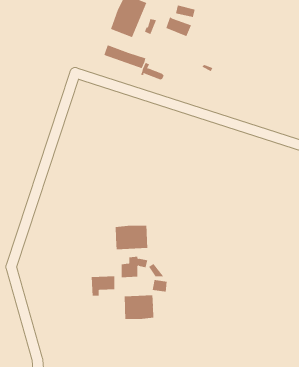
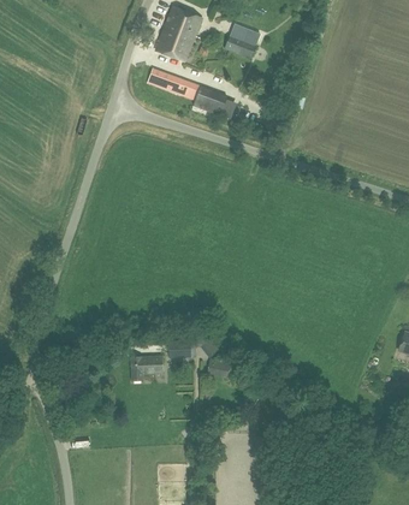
building: [115,225,148,250] -> none
building: [124,294,154,320] -> none

